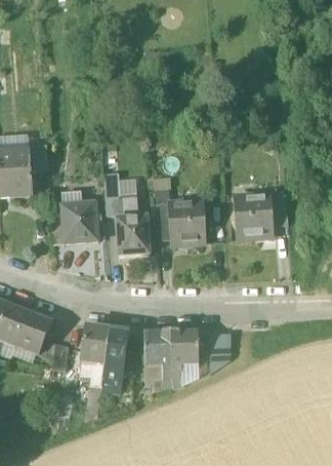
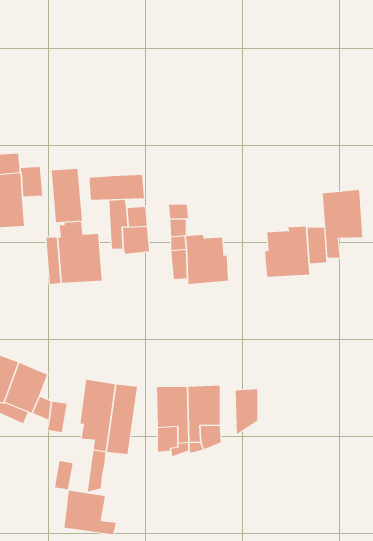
building: none -> [51,168,82,223]
building: none -> [89,174,145,201]
building: none -> [322,189,363,259]
building: [117,216,149,255] -> none
building: none -> [64,490,116,535]

